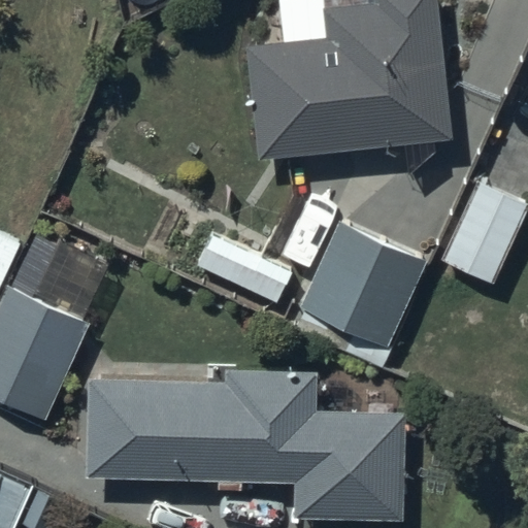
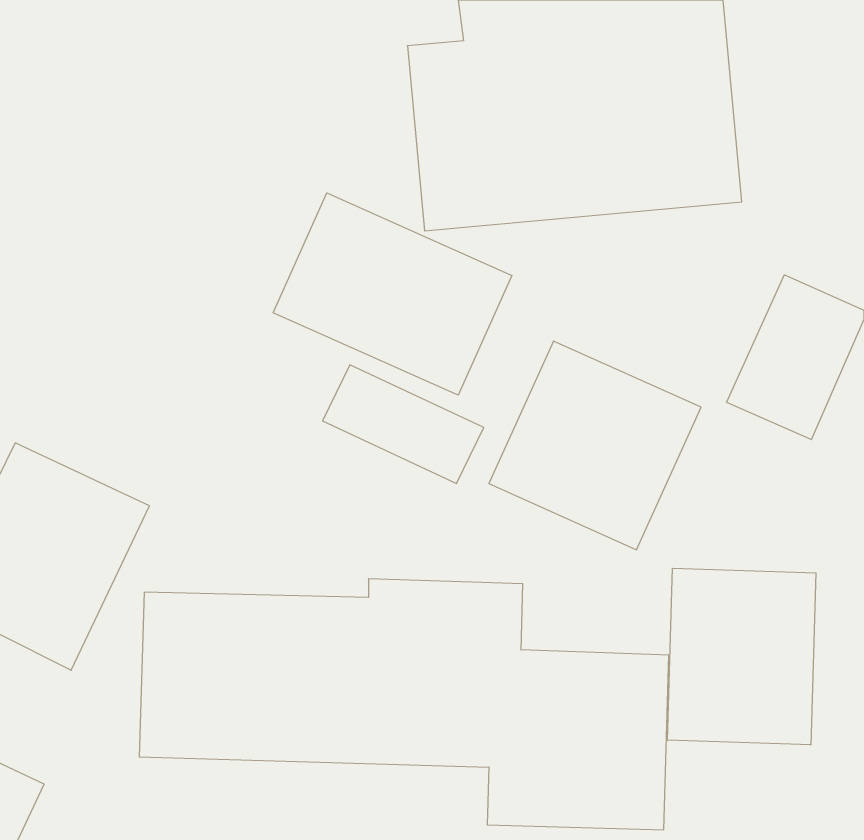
building: none -> [273,193,512,395]
building: none -> [667,568,816,745]

